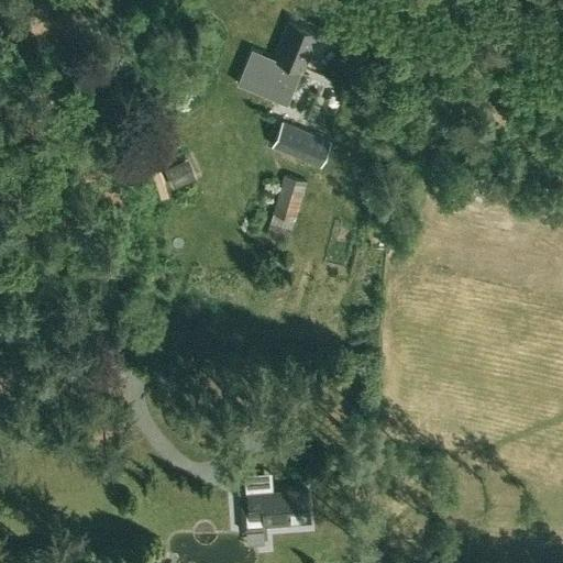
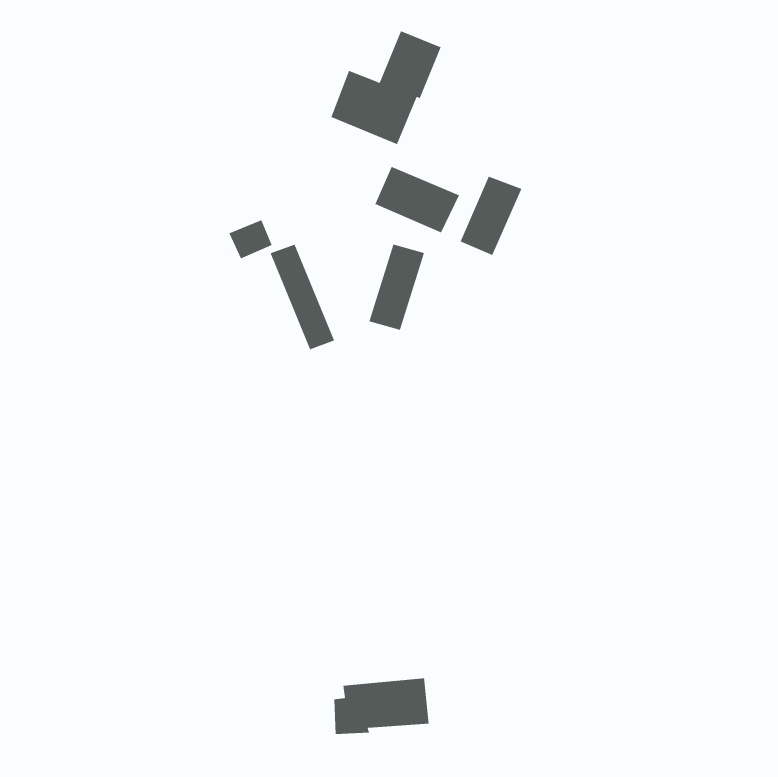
building: none -> [460,176,522,256]
building: none -> [270,244,335,350]

